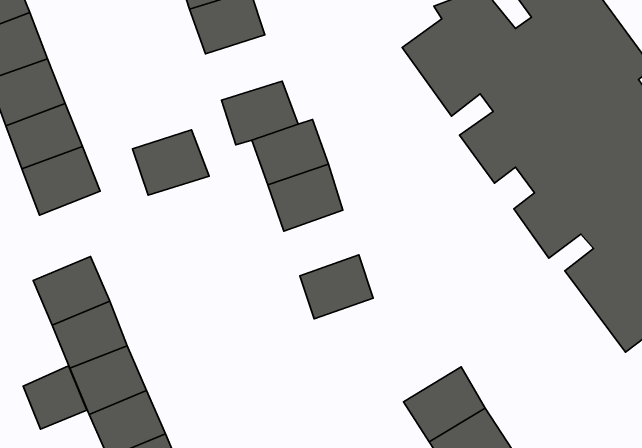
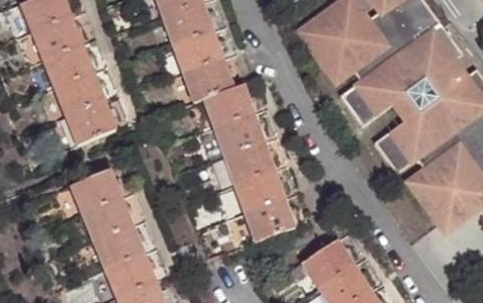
building: [132,130,209,195] -> [179,30,227,72]
building: none -> [228,141,276,183]
building: none -> [248,197,295,238]
building: [23,366,87,429] -> none

